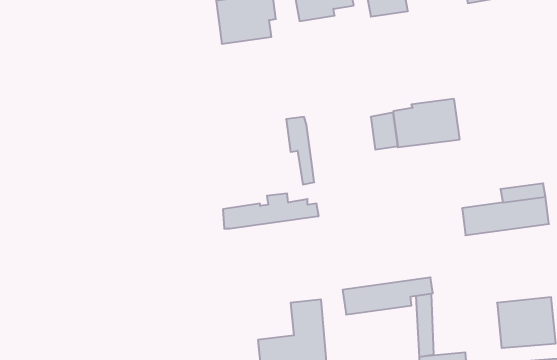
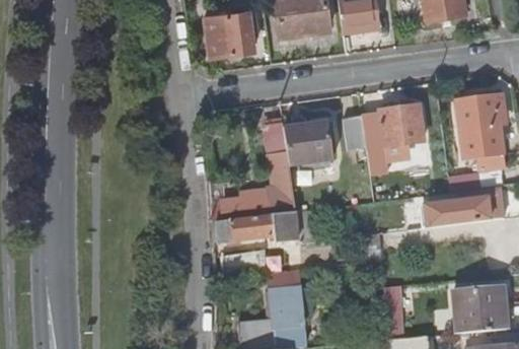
building: none -> [456,93,504,168]
building: none -> [285,125,331,167]
building: [343,277,433,315] -> [216,212,297,246]

